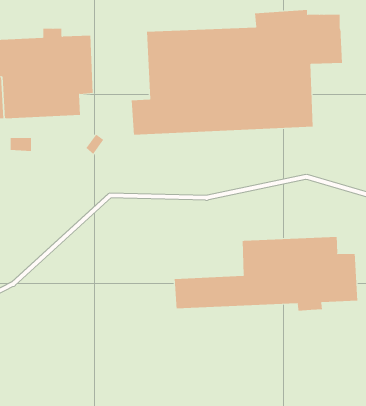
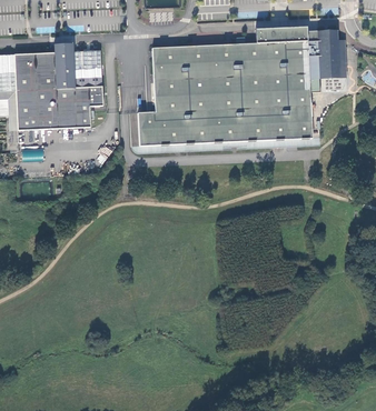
building: [174,236,358,312] -> none

